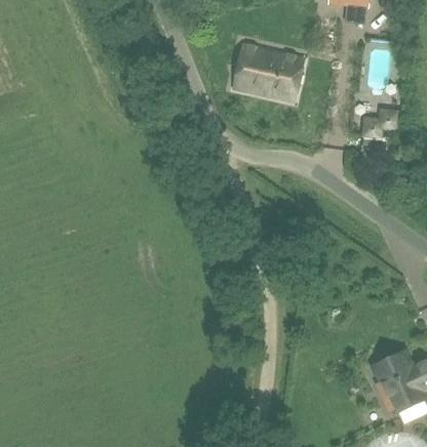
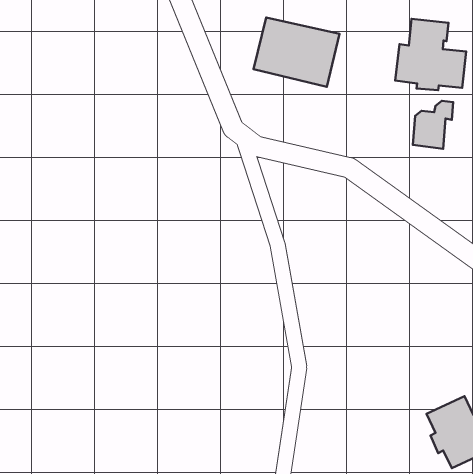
building: none -> [395,19,466,90]

